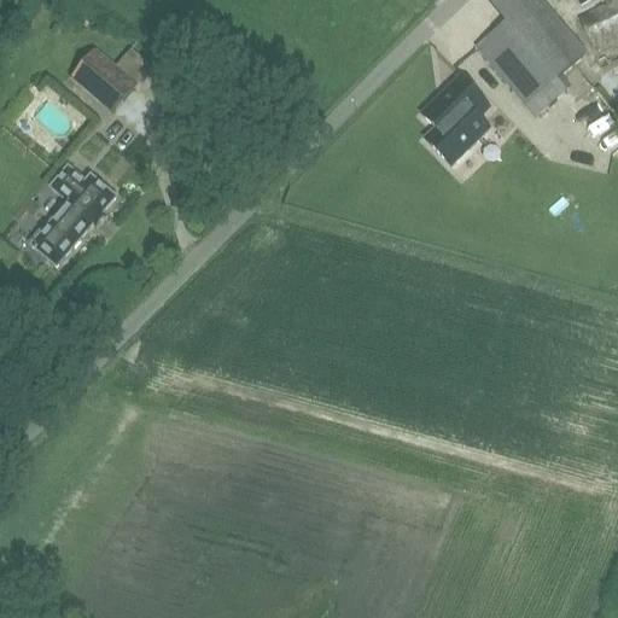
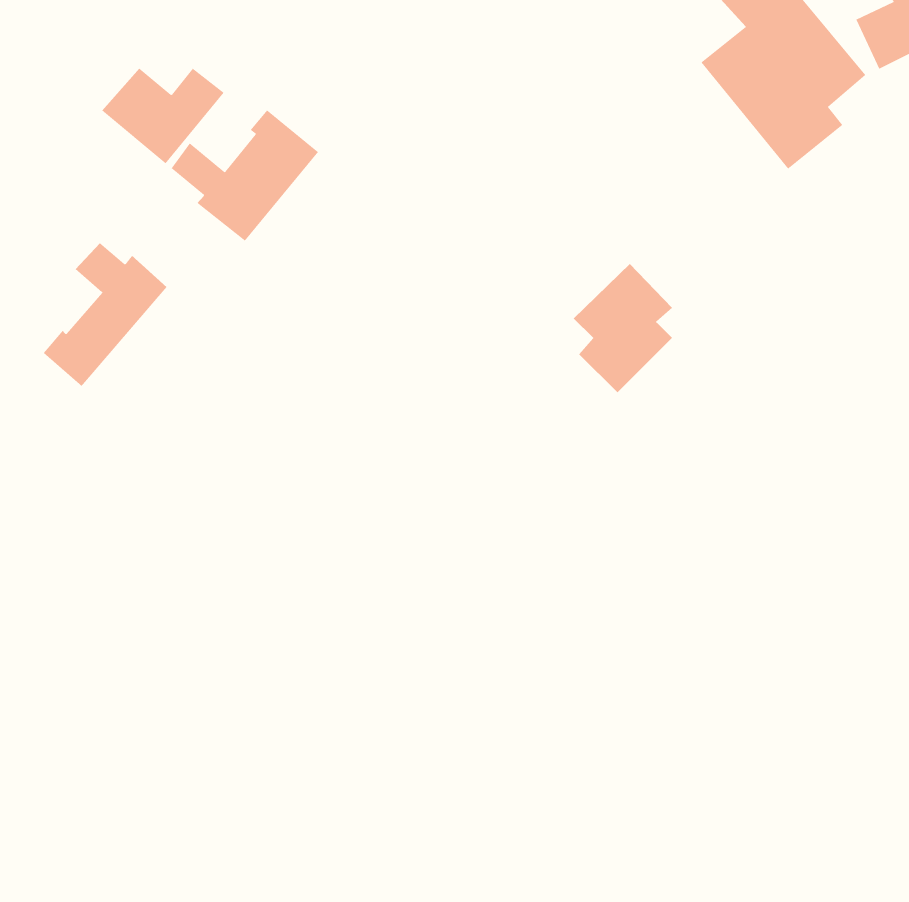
building: [422,74,490,162] -> [573,263,673,393]
building: none -> [171,110,319,242]

